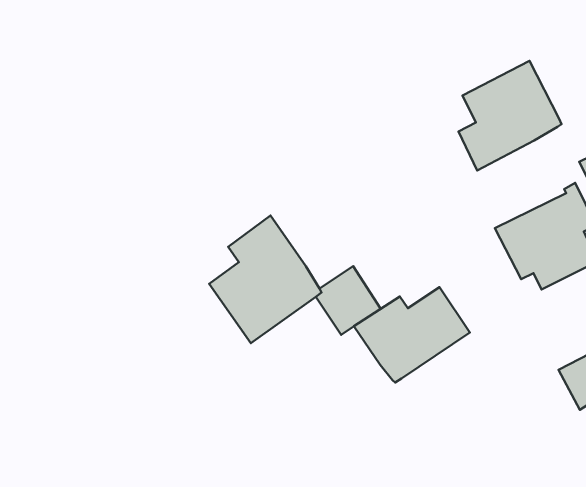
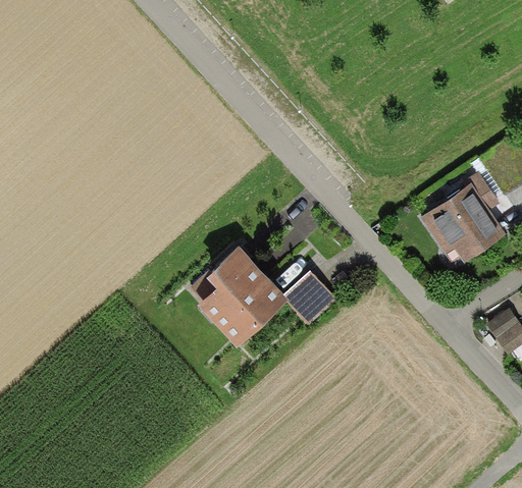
building: [458,61,562,171] -> none
building: [354,287,470,382] -> none

